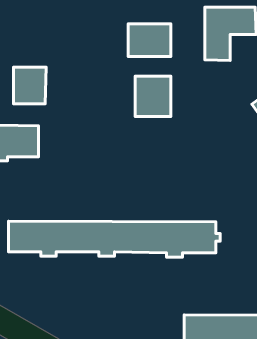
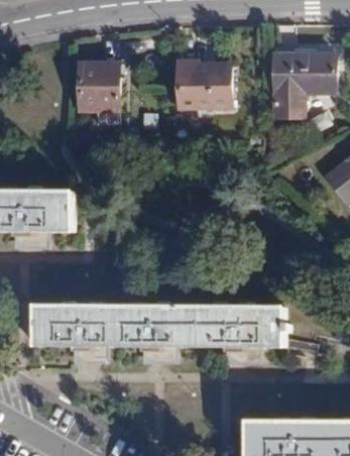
building: [13,67,46,104] -> [82,63,121,107]
building: [135,76,171,116] -> none

